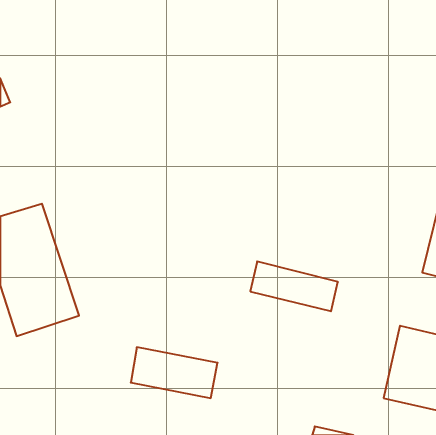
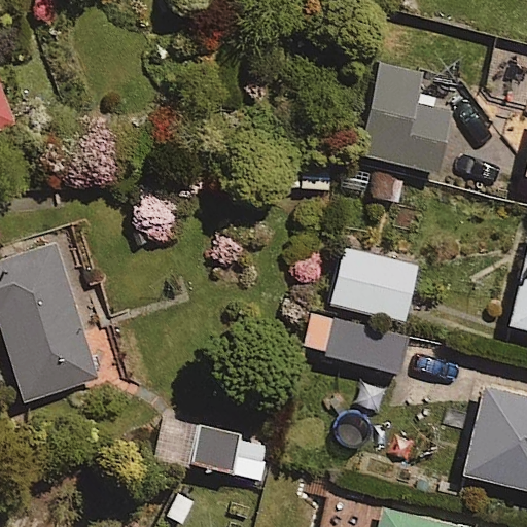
building: none -> [360,61,451,173]
building: none -> [330,246,419,320]

